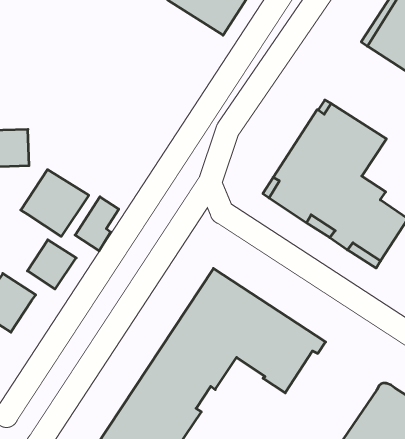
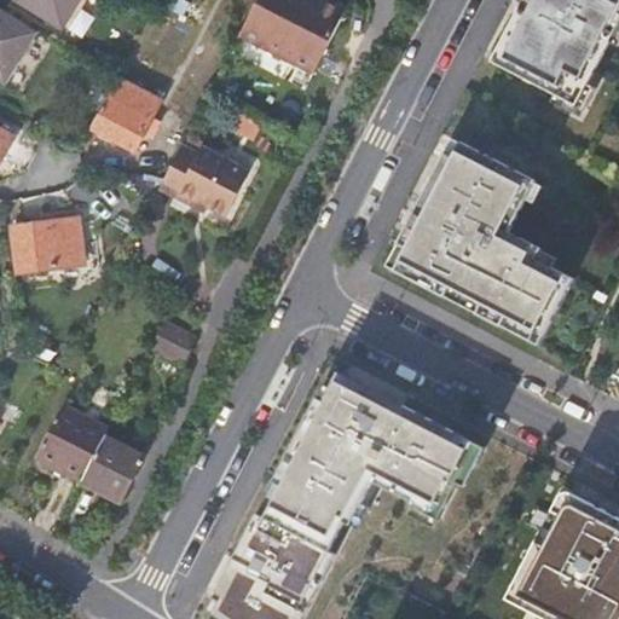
building: none -> [94,77,161,147]
building: none -> [160,144,250,215]
building: [21,170,89,236] -> none
building: [27,240,76,289] -> [83,435,144,497]

